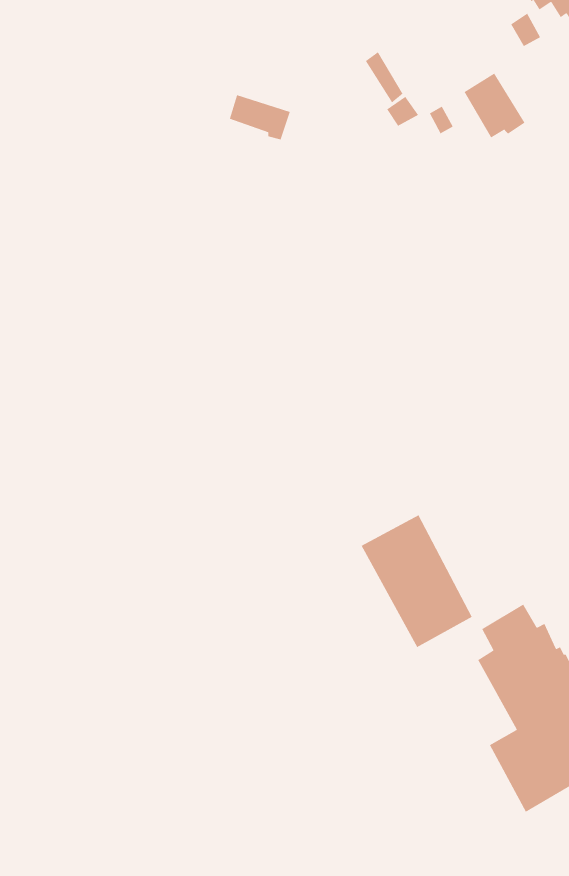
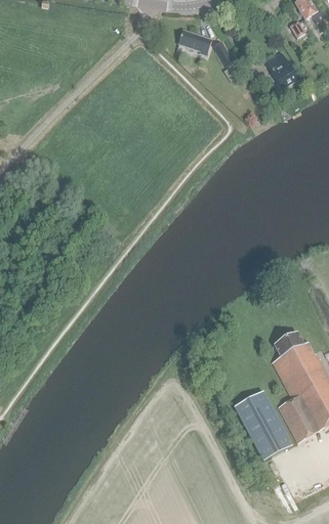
building: [229,94,291,141] -> [179,30,212,54]
building: [361,514,473,648] -> [234,390,293,461]

